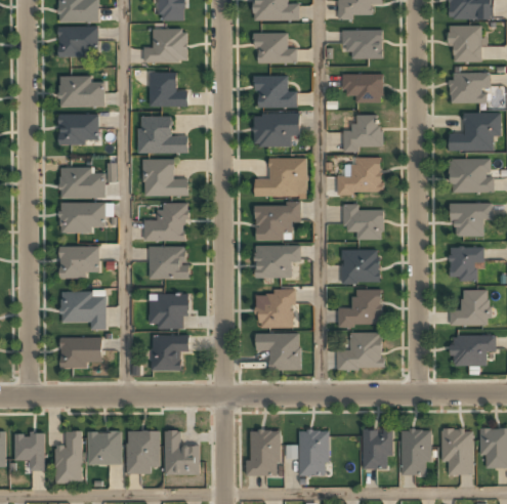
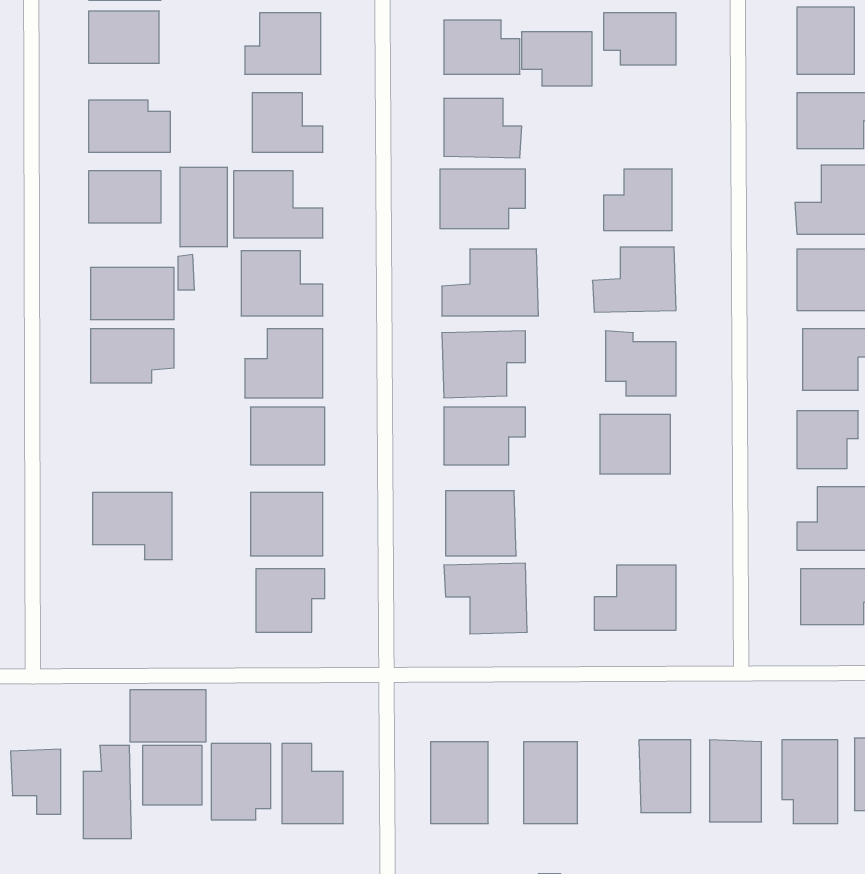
building: [342,73,381,102] -> [521,32,592,86]
building: none -> [180,167,227,247]
building: [59,247,98,278] -> none
building: [338,289,382,326] -> none
building: [59,338,101,367] -> [130,690,206,742]

